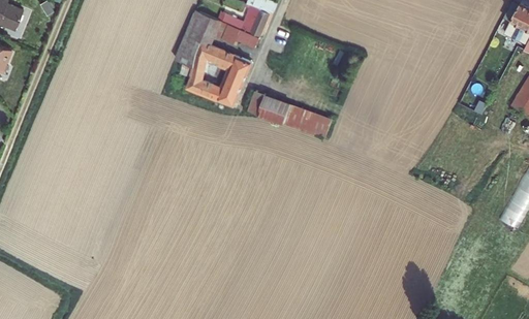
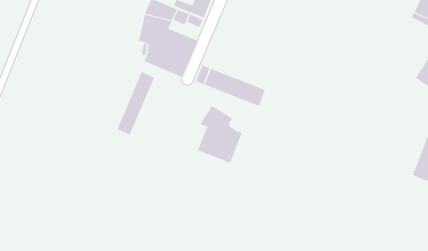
building: none -> [117,71,155,136]
building: none -> [197,105,242,163]

